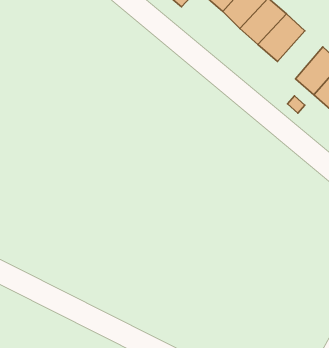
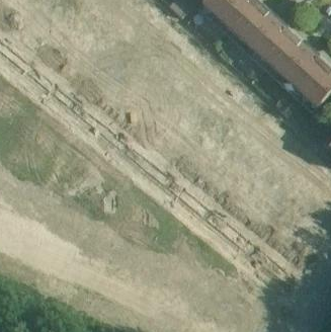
building: none -> [267,34,308,77]

